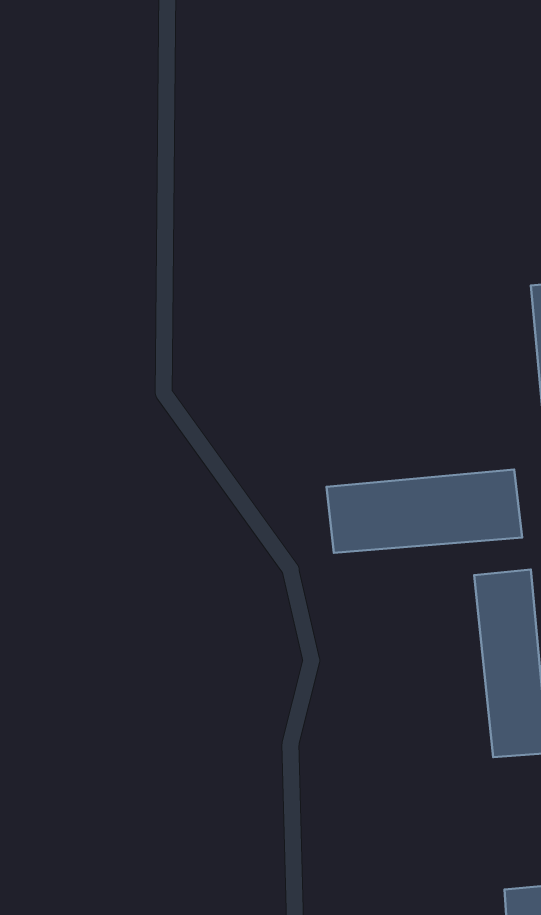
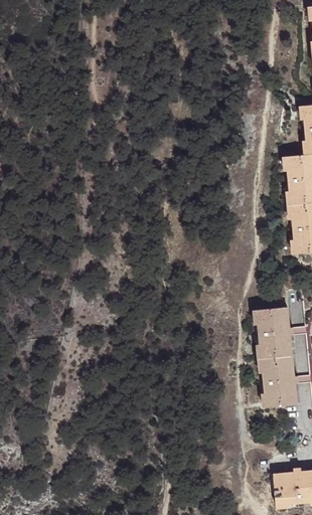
building: [327,470,522,553] -> none

